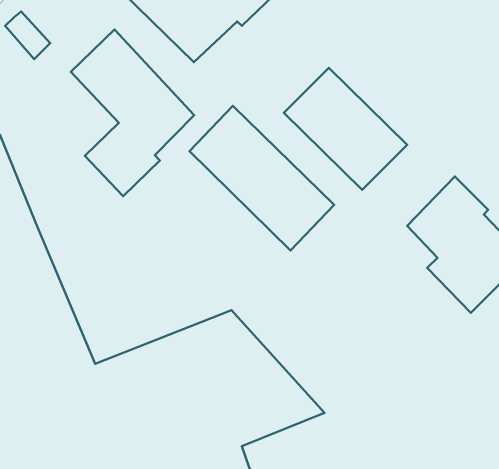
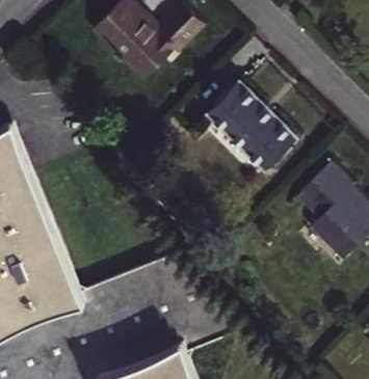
building: [71,29,194,196] -> none
building: [189,106,334,250] -> none

